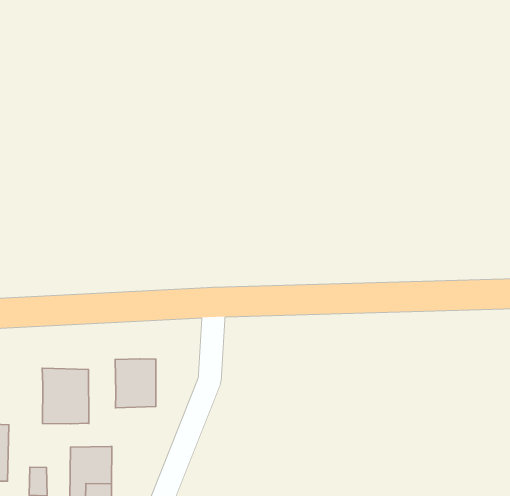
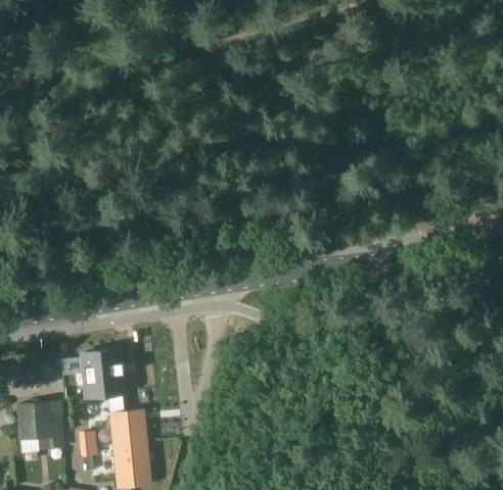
building: [115,359,156,408] -> none

